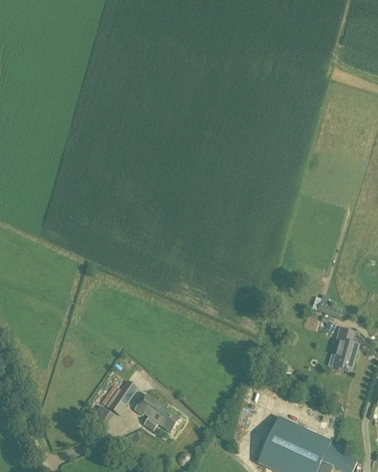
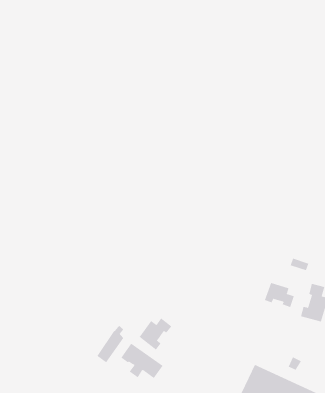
building: none -> [264,282,295,308]
building: none -> [139,318,172,350]

